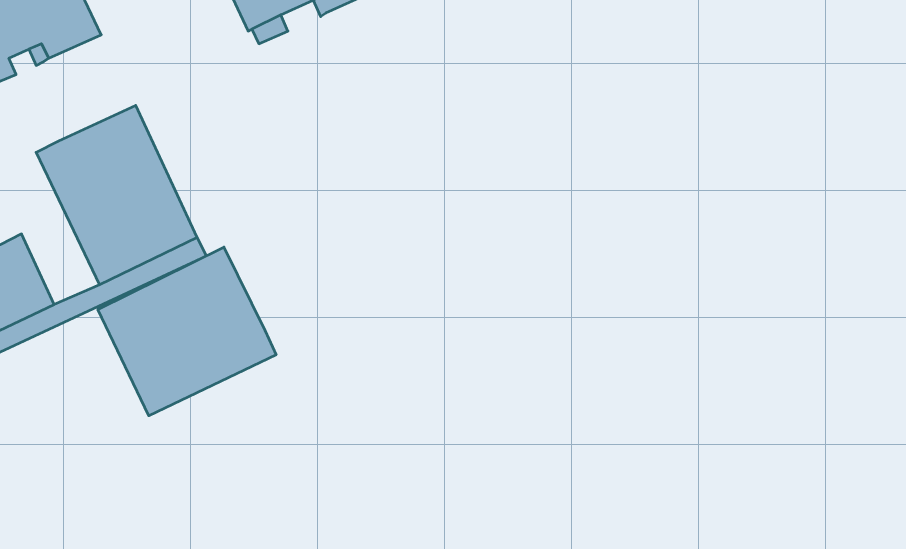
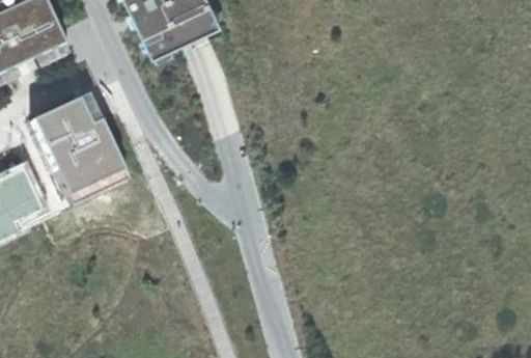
building: [98,247,276,416] -> none

